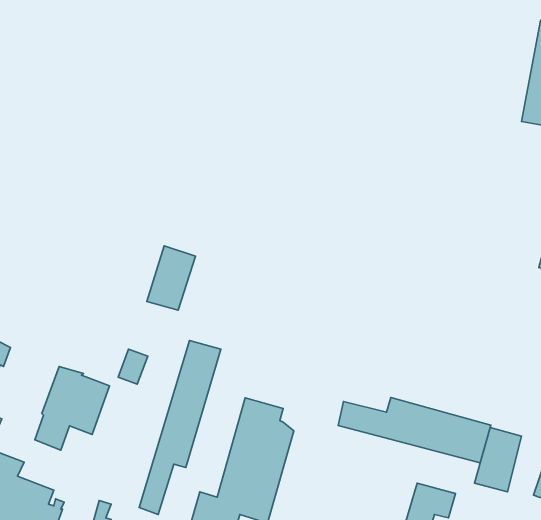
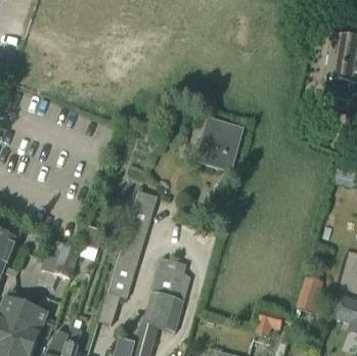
building: none -> [194,116,244,171]
building: [147,246,196,310] -> [128,190,157,228]
building: [338,398,491,463] -> none

